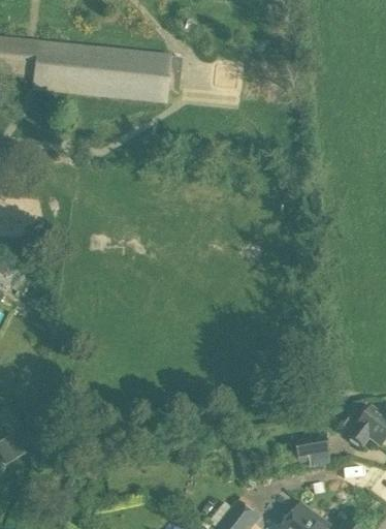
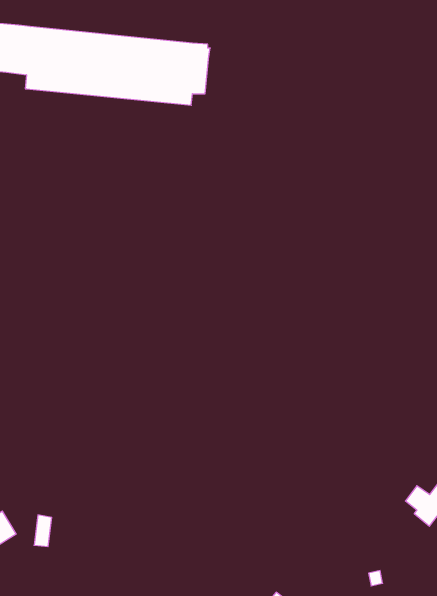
building: [293,436,327,464] -> none

